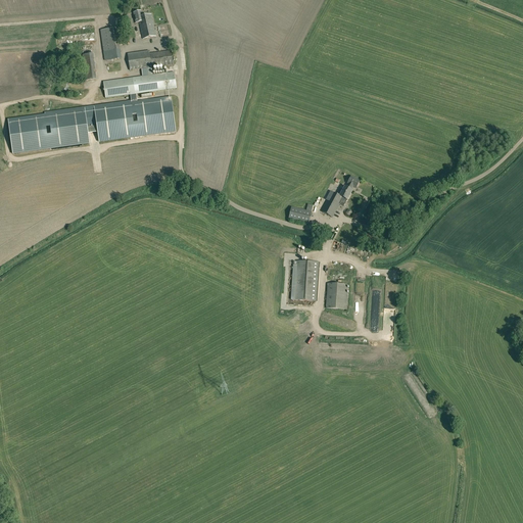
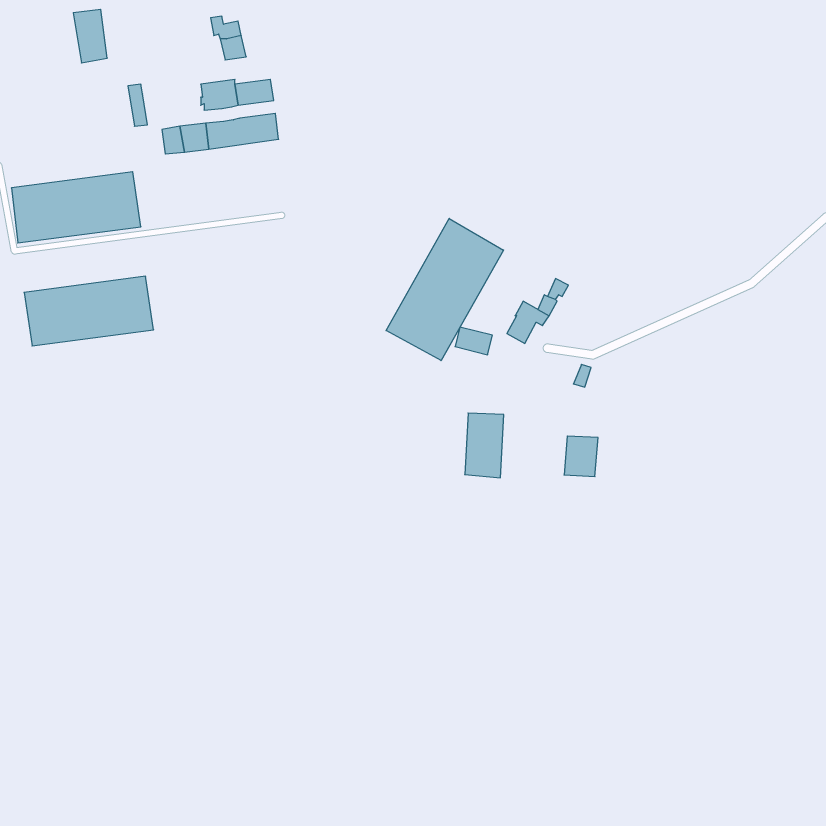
building: [99,27,121,60] -> [73,9,107,63]
building: [93,97,175,141] -> [24,276,154,346]
building: none -> [386,218,504,361]
building: [325,283,346,308] -> [564,436,598,477]

